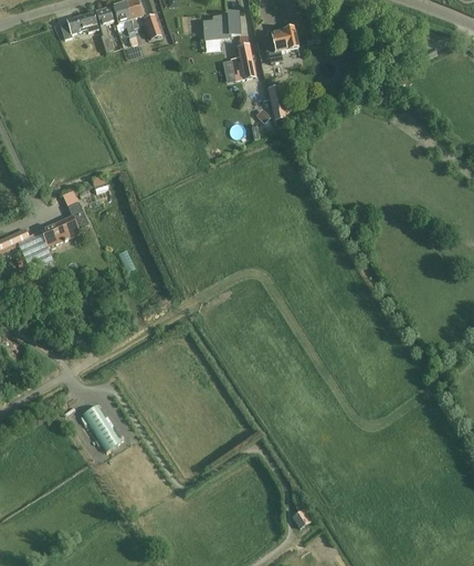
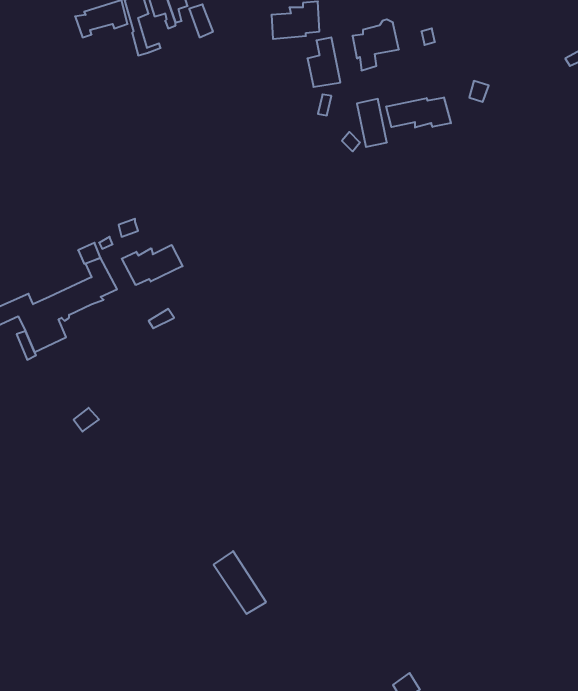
building: none -> [386,97,451,128]
building: none -> [122,245,183,285]
building: [81,403,119,450] -> [214,551,266,614]

